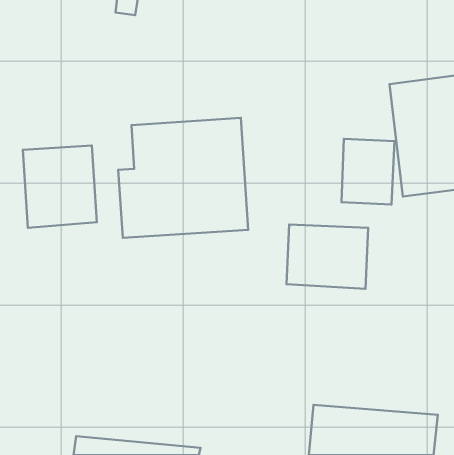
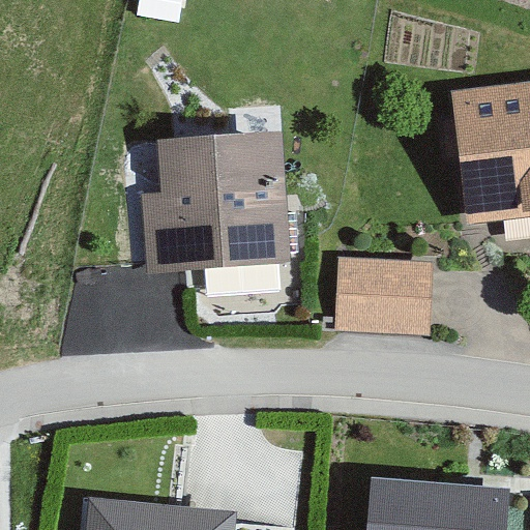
building: [342,139,394,205] -> none
building: [23,145,97,228] -> none

